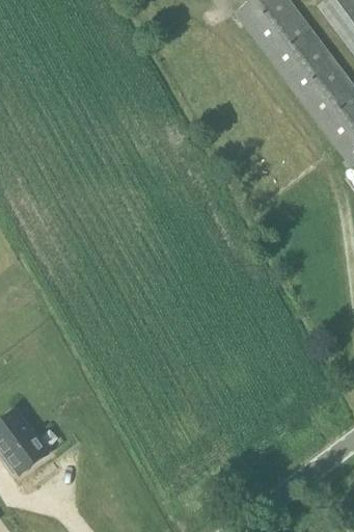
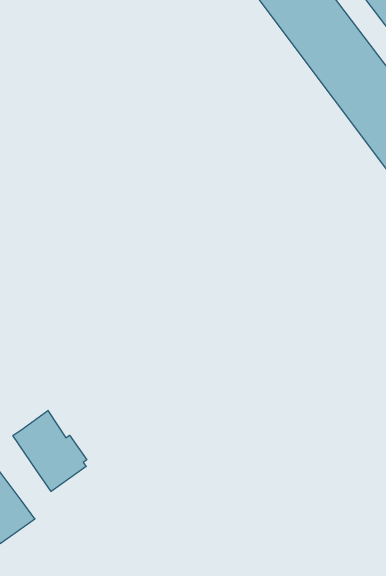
building: none -> [13,410,87,491]

